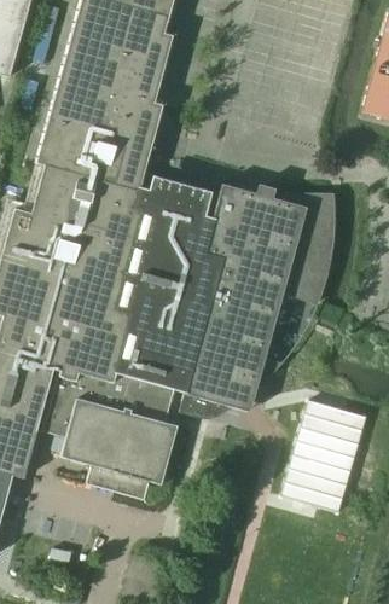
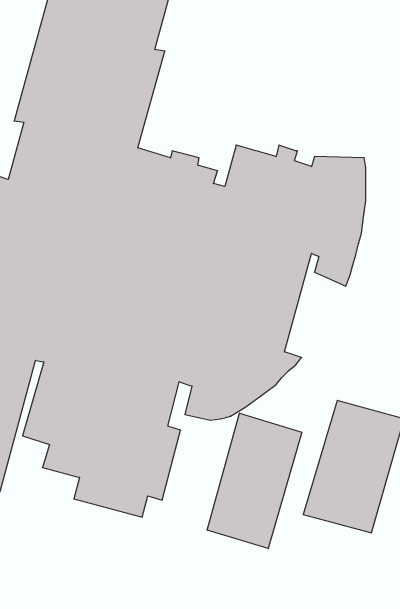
building: none -> [207,413,302,549]

